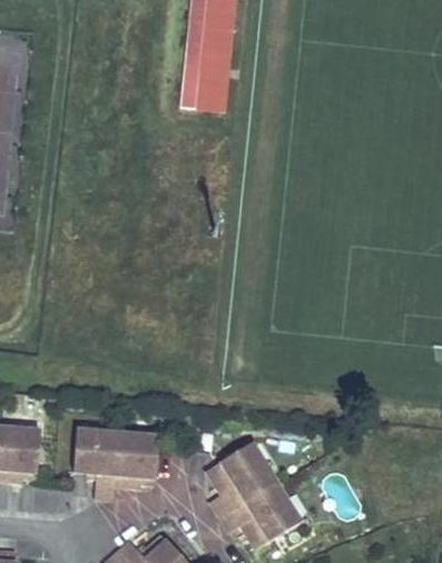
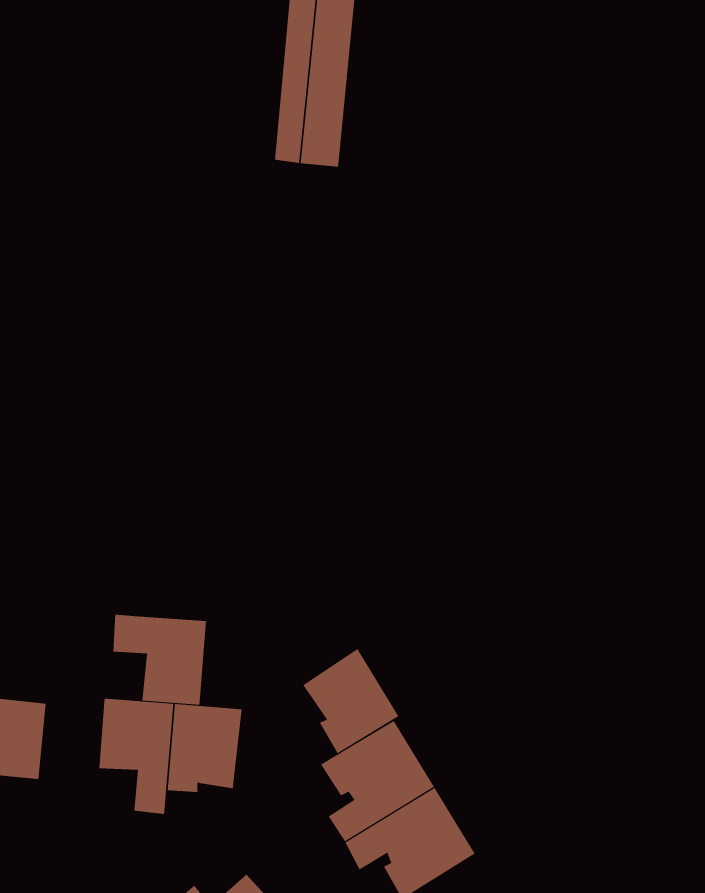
building: none -> [113,614,206,706]
building: none -> [303,648,399,754]

